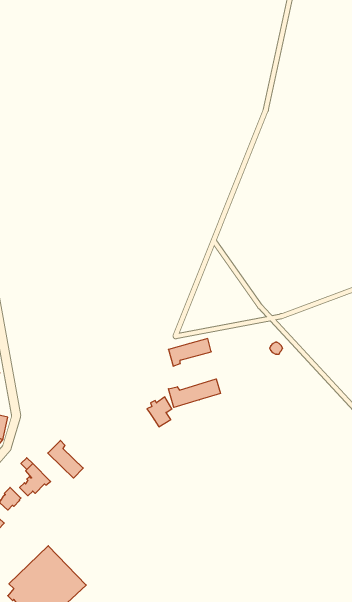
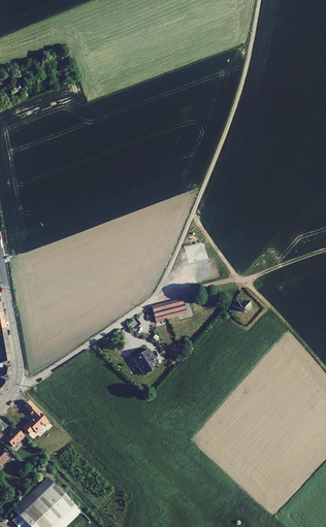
building: [168,379,221,407] -> none
building: [48,440,83,478] -> none

